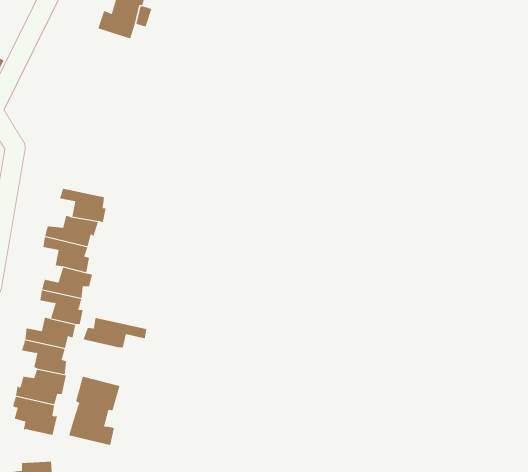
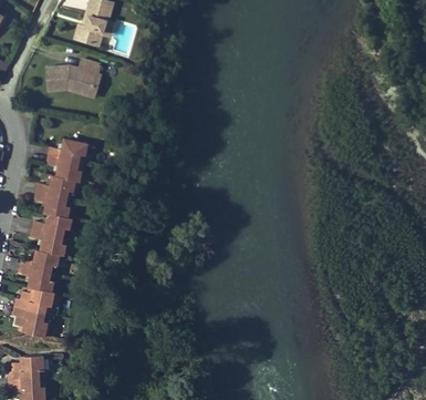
building: none -> [44,61,97,98]
building: none -> [50,139,89,162]
building: [83,317,147,348] -> none
building: [69,376,120,446] -> none

